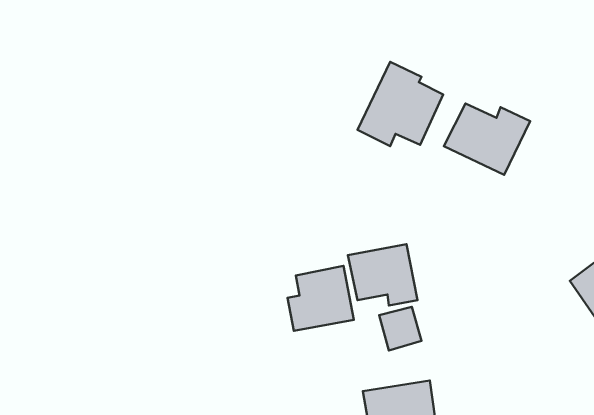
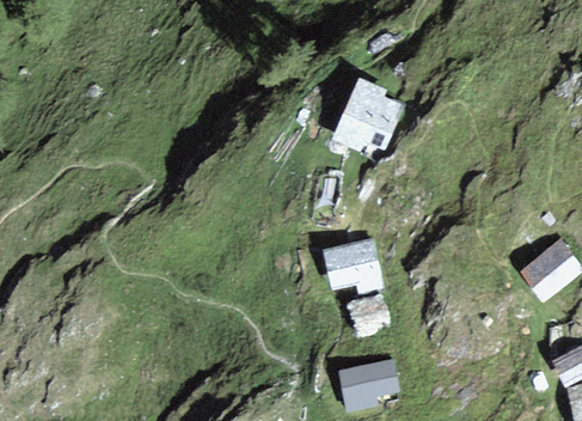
building: [444,103,530,175] -> none
building: [288,266,354,331] -> none

